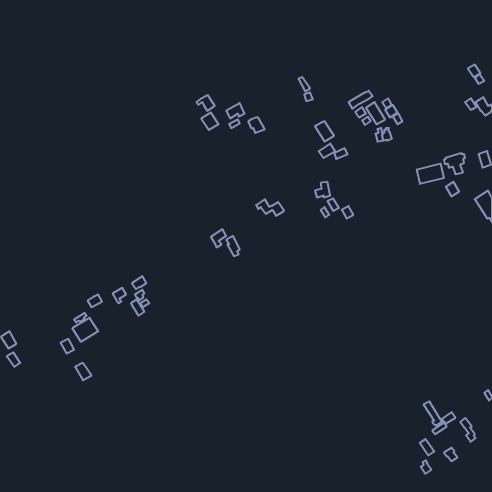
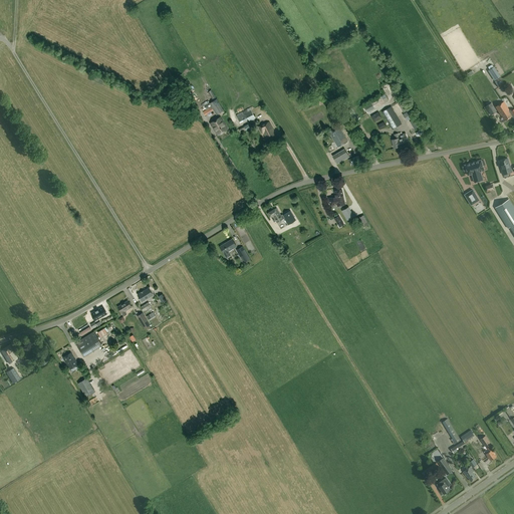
building: [417,164,444,184] -> none

